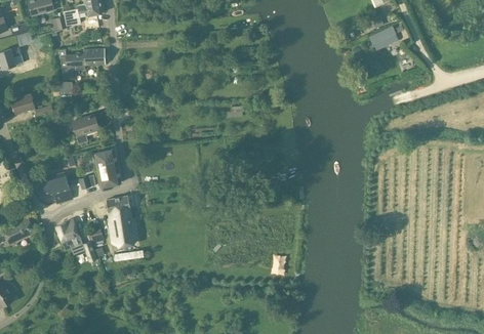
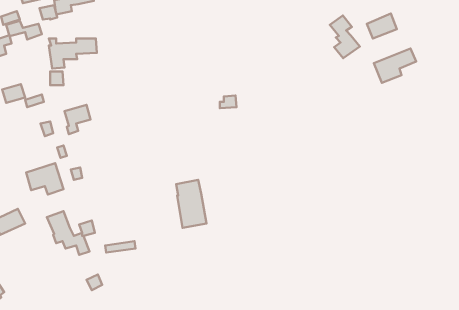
building: none -> [330,16,360,58]
building: none -> [374,48,416,83]
building: [94,149,122,187] -> none
building: [107,196,136,243] -> [176,180,206,228]

